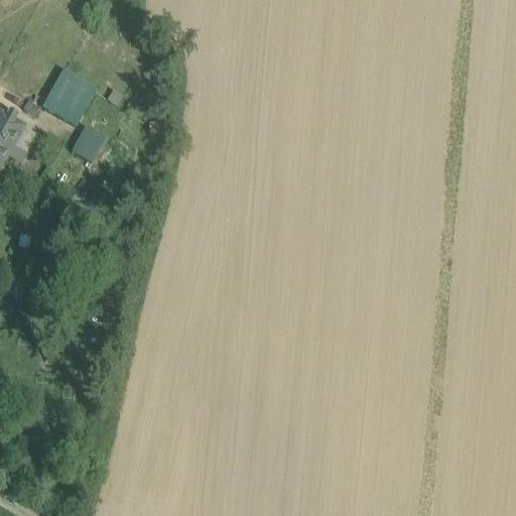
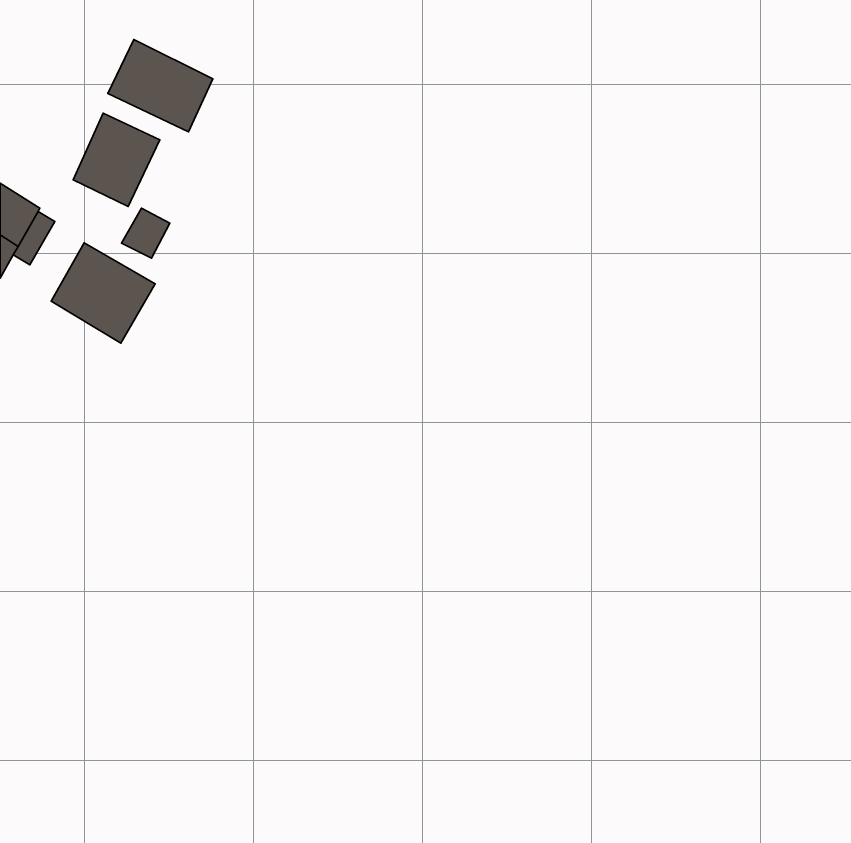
building: none -> [108,40,213,132]
building: none -> [51,243,155,343]

